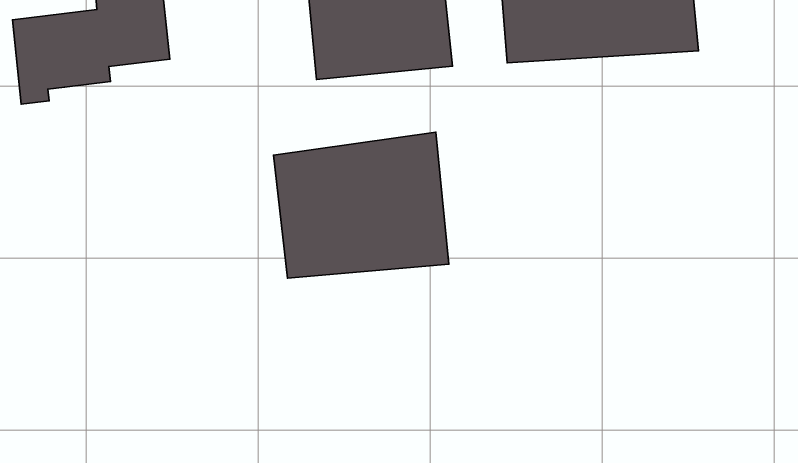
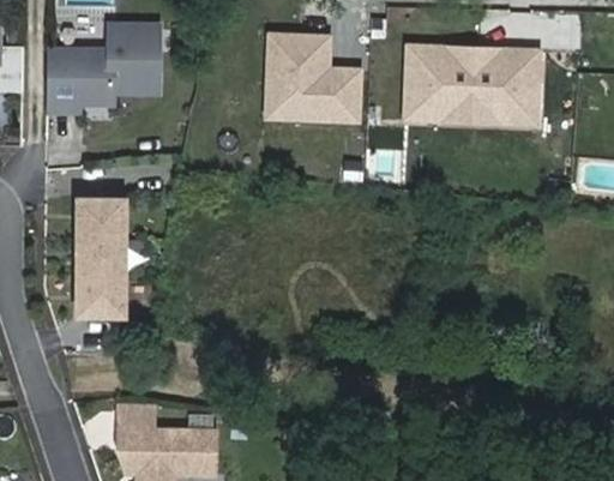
building: [274,132,449,278] -> none
building: none -> [79,199,126,315]

